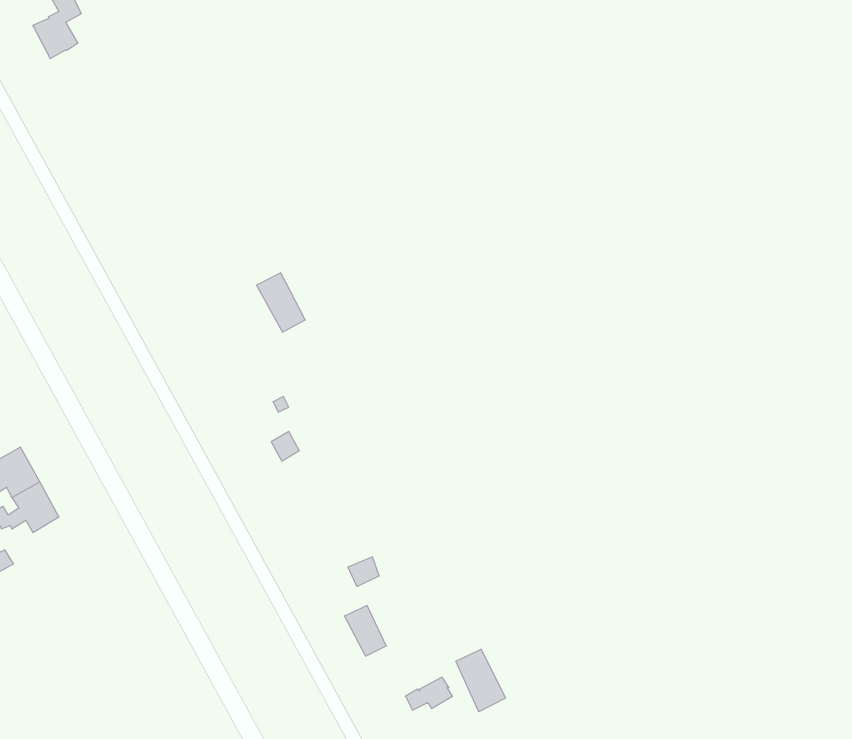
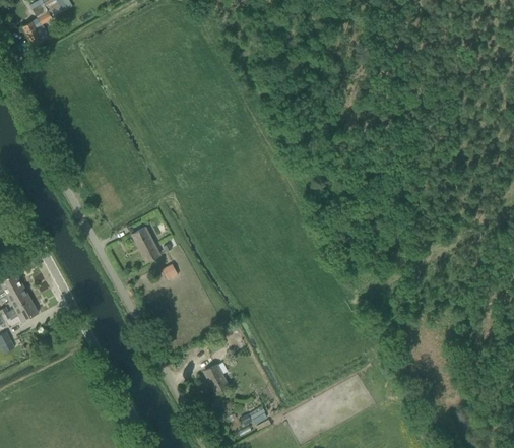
building: [257,273,305,332] -> [132,228,160,262]
building: [456,649,506,712] -> none

